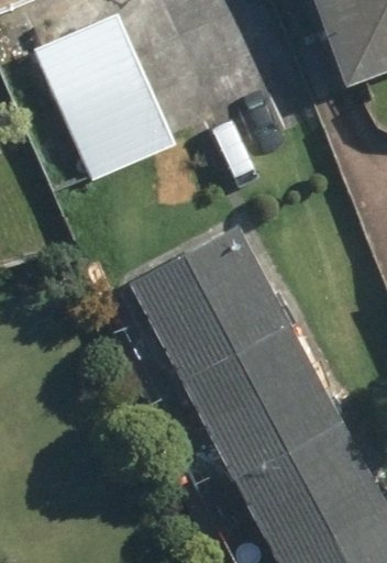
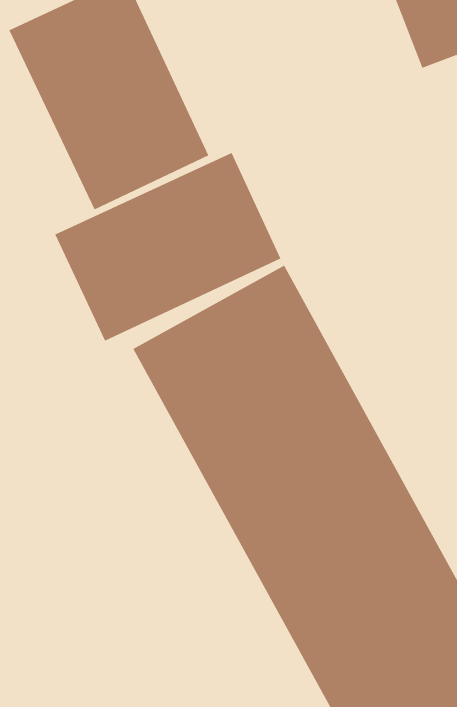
building: none -> [55,152,281,342]

